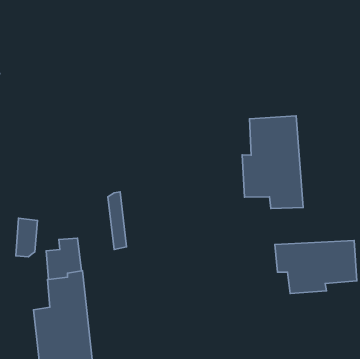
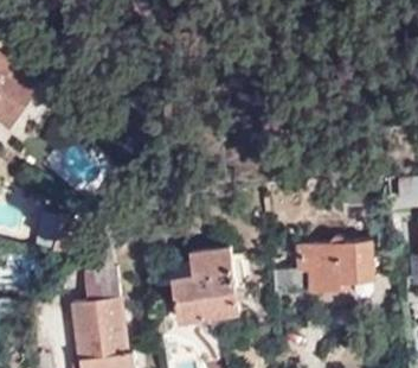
building: [242,116,303,208] -> none
building: none -> [173,247,243,321]

